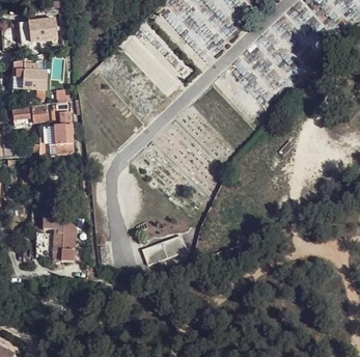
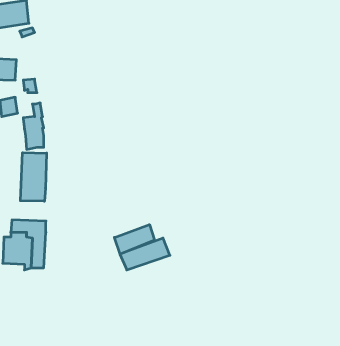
building: none -> [20,153,47,201]
building: none -> [114,225,154,254]

